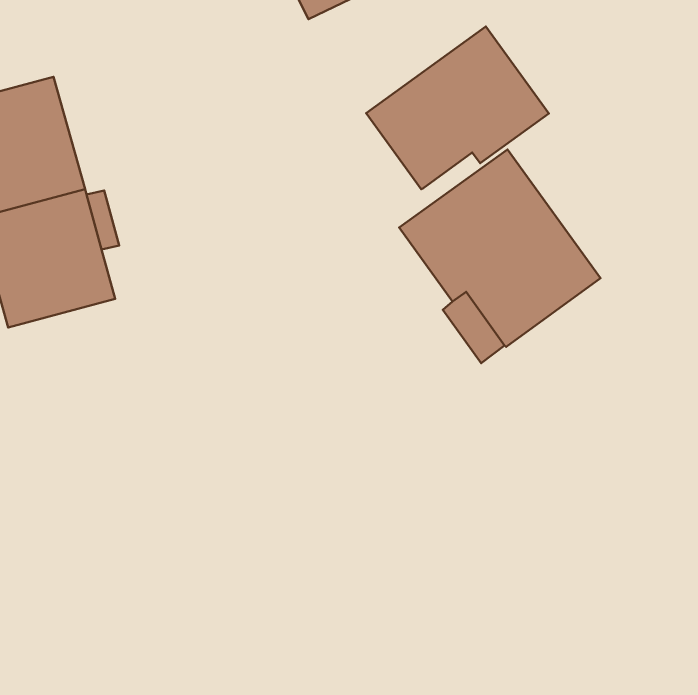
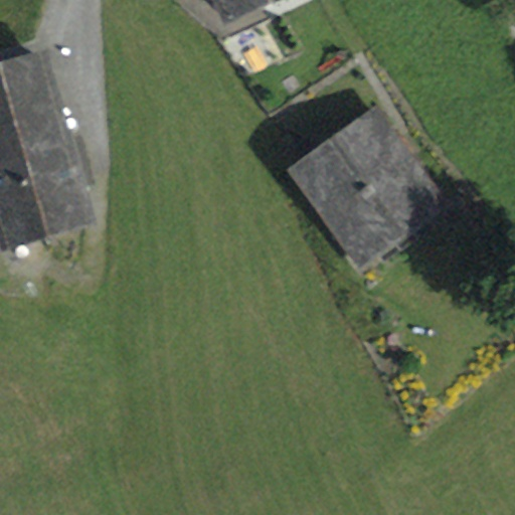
building: [366,27,549,189] -> none

